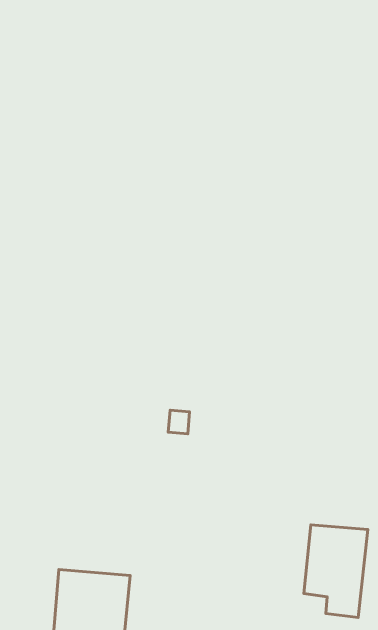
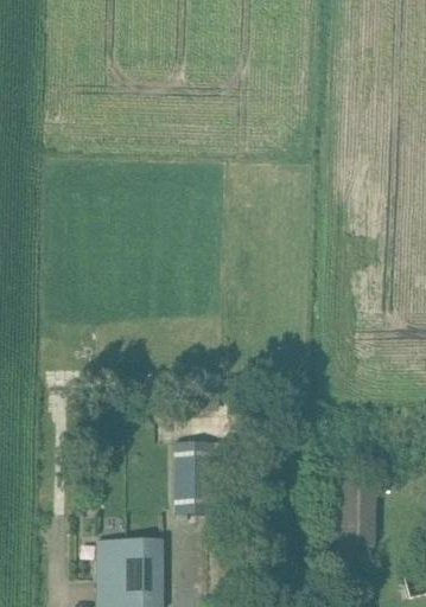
building: none -> [177,441,215,515]

